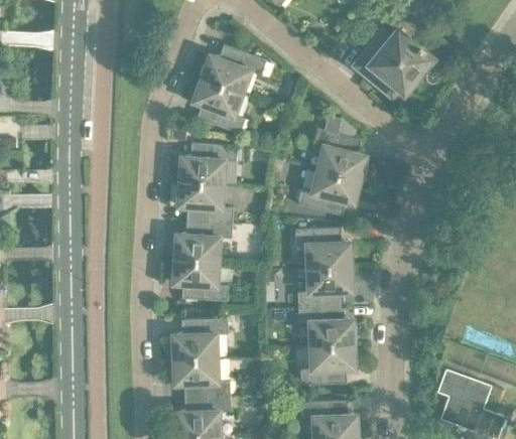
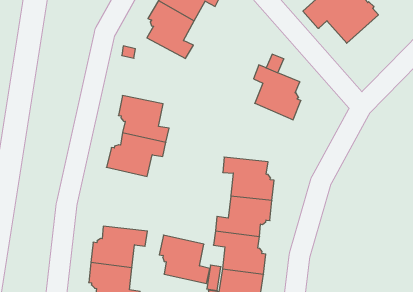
building: [179,142,237,183] -> none
building: [297,168,360,214] -> none
building: [173,258,228,301] -> [159,235,210,284]

